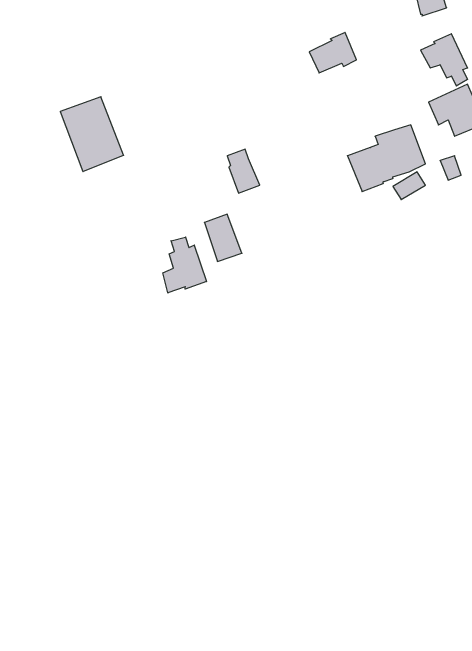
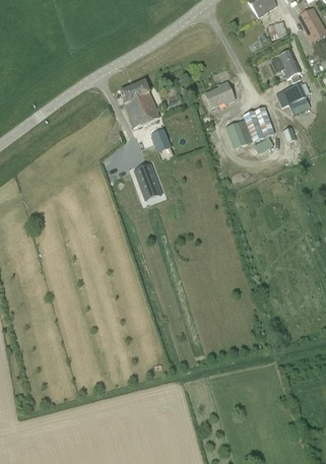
building: [309,32,356,73] -> [205,82,235,108]
building: [60,97,124,172] -> [120,81,159,128]
building: [163,237,206,293] -> none

